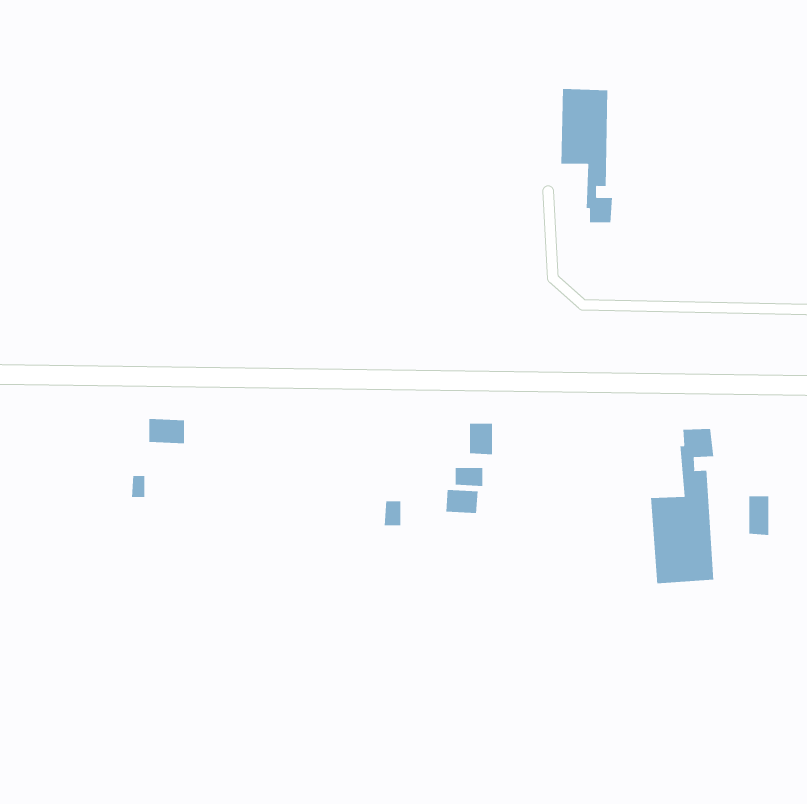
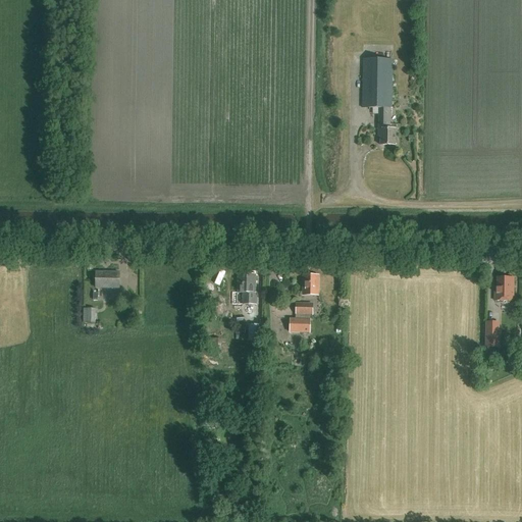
building: none -> [238,272,256,303]
building: none -> [494,275,514,299]
building: [651,428,714,584] -> none

